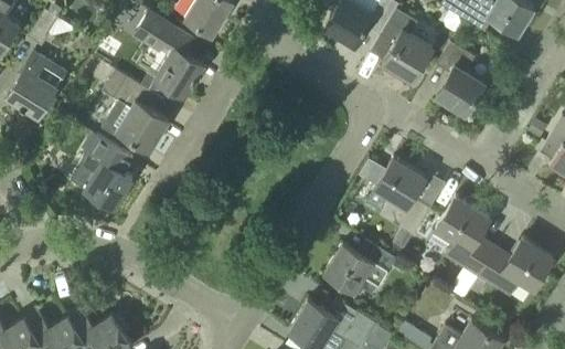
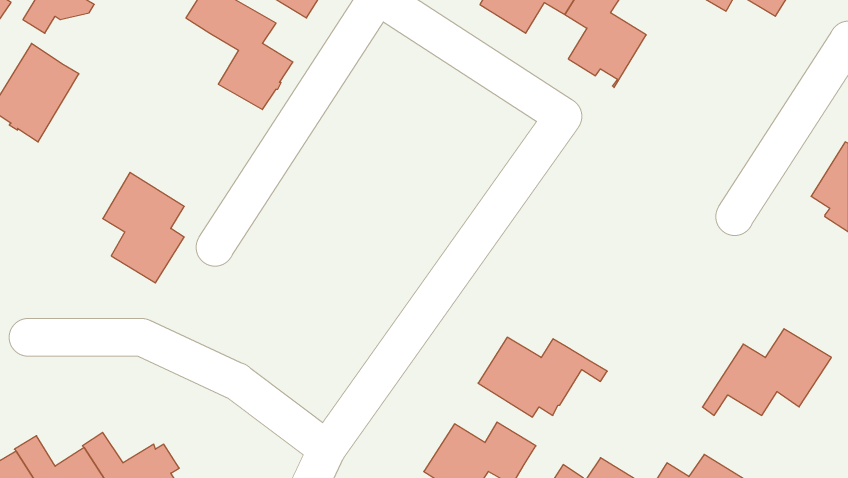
building: [435,43,483,115] -> none
building: [100,71,168,152] -> none
building: [373,158,429,250] -> none
building: [434,197,495,289] -> none

